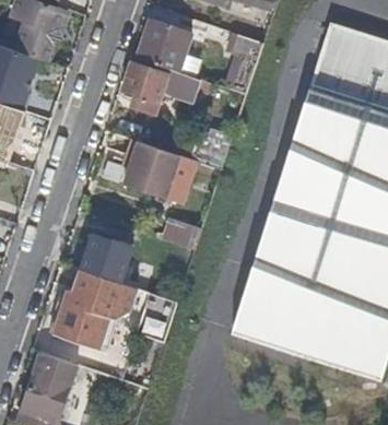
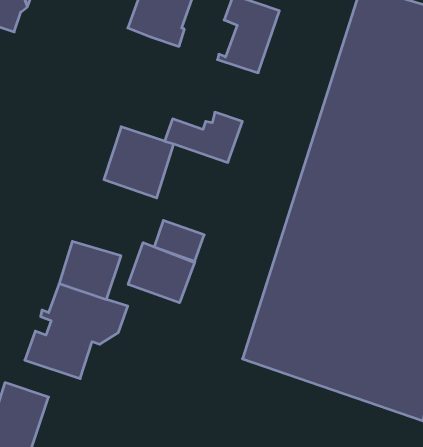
building: [122,62,212,116] -> none
building: none -> [128,243,195,303]

